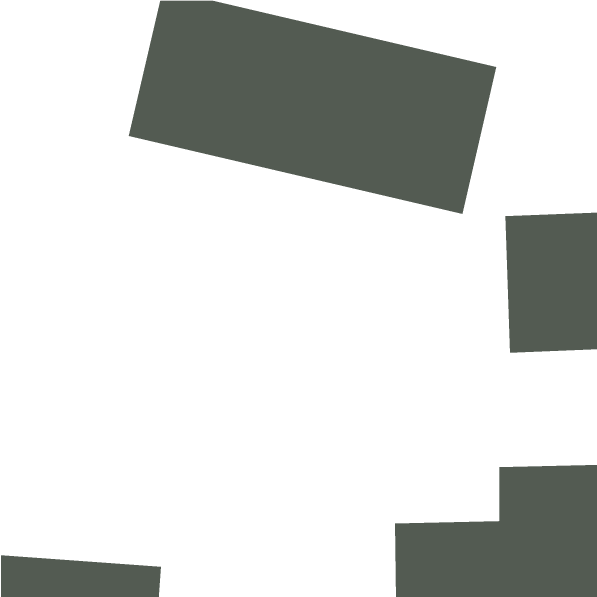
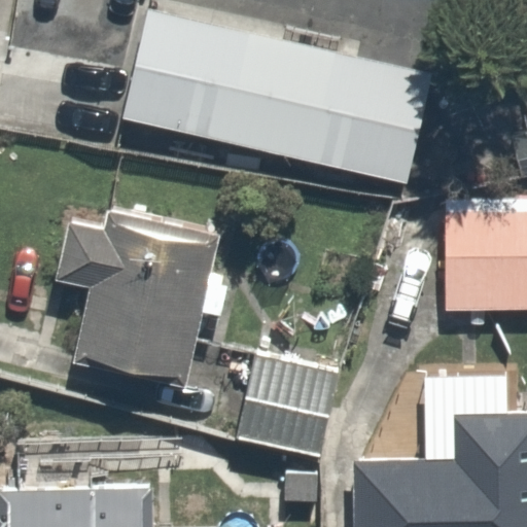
building: none -> [52,206,217,383]
building: none -> [234,341,355,466]

